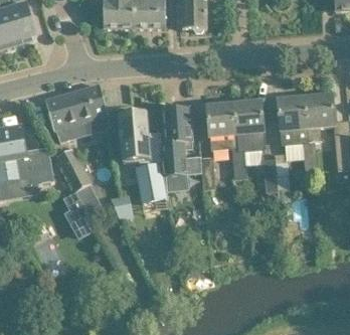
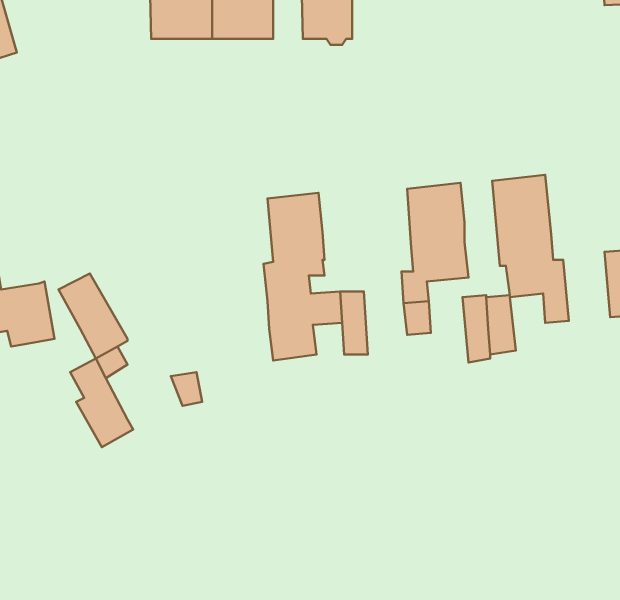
building: [45,82,110,140] -> none
building: [305,94,335,139] -> none
building: [206,103,237,147] -> none
building: [120,110,165,200] -> none

